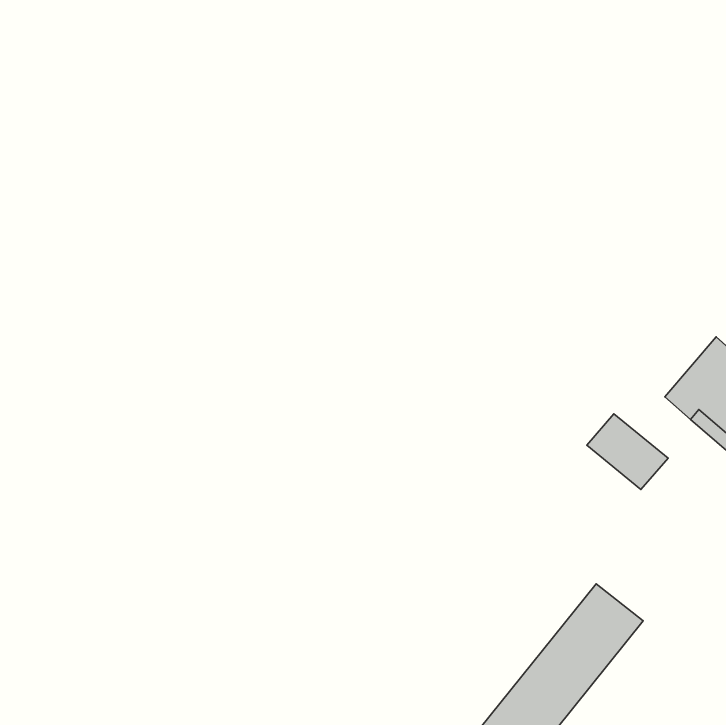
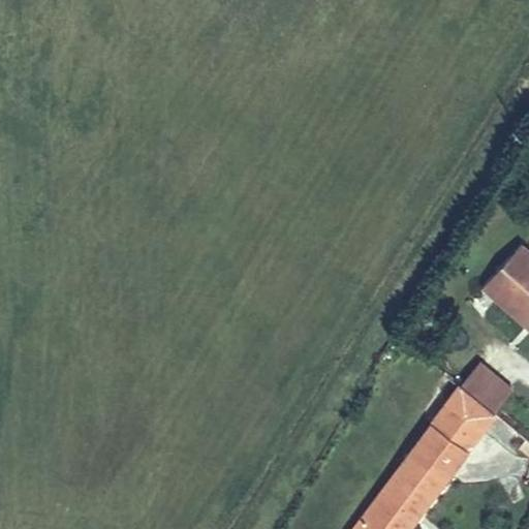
building: [587,414,668,489] -> [458,362,517,416]
building: none -> [434,405,485,453]

